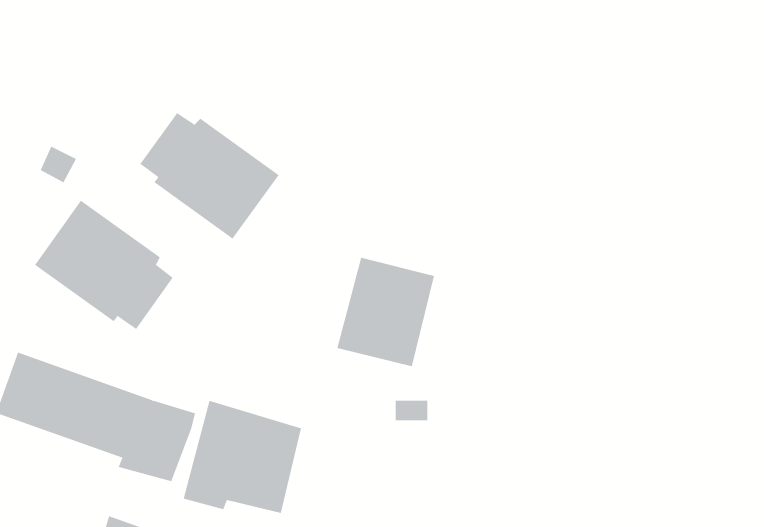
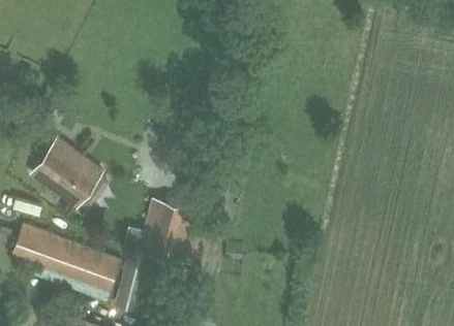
building: [139,112,279,240] -> none
building: [336,257,435,367] -> [137,198,191,259]

